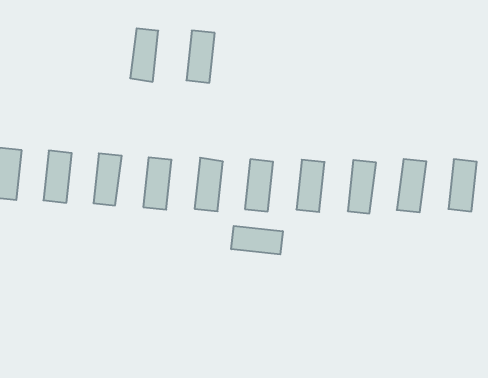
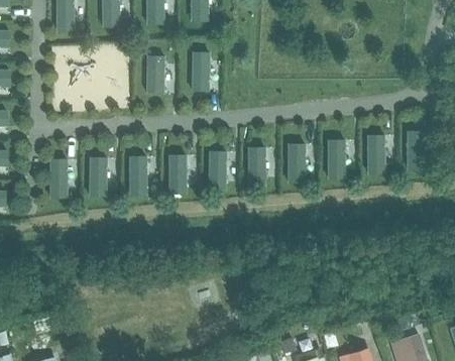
building: [231,226,283,254] -> none

